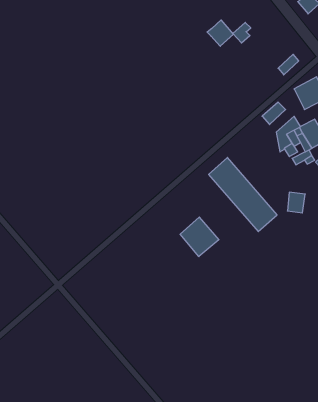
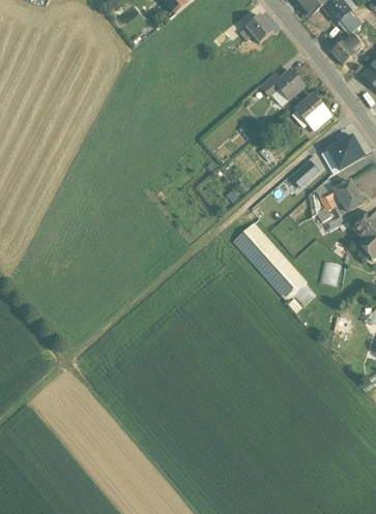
building: [207,20,233,46] -> [274,69,303,98]
building: none -> [296,94,326,123]
building: [180,217,219,257] -> none

